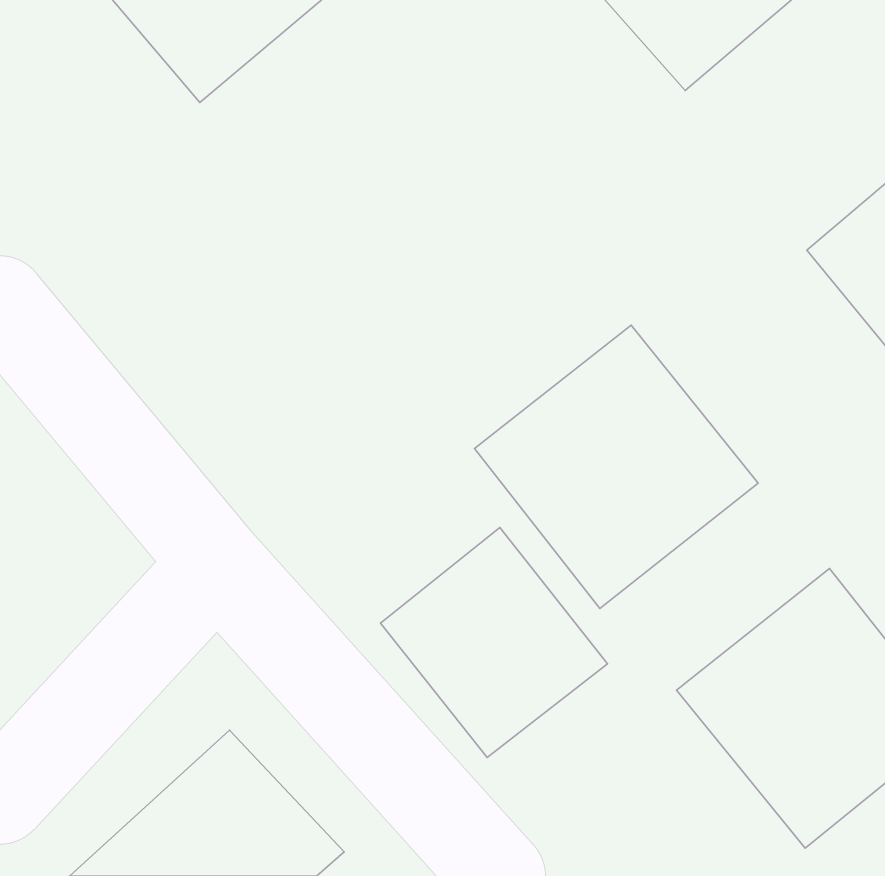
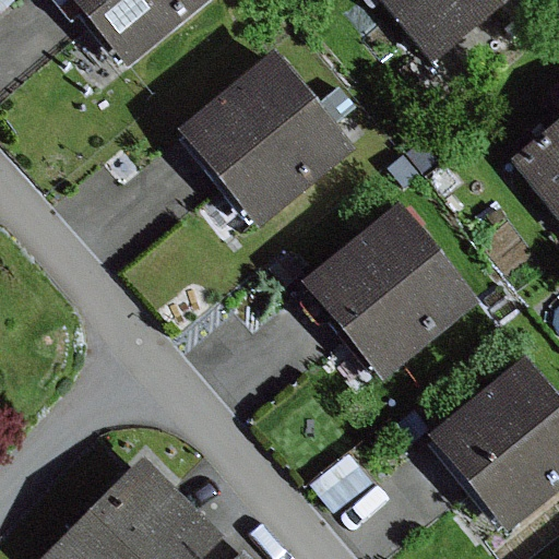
building: none -> [181,51,357,227]
building: [381,528,608,757] -> none

